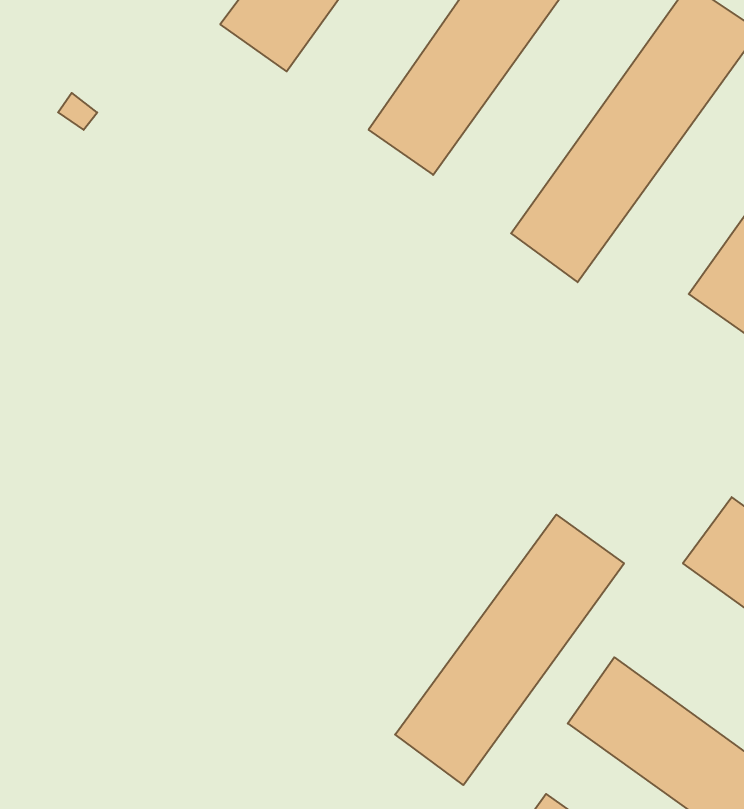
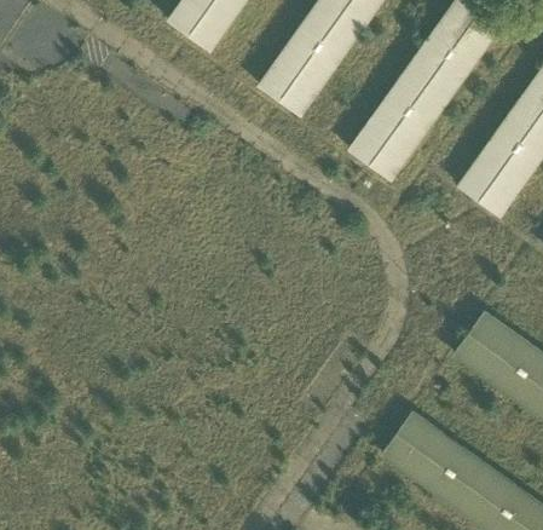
building: [395,515,624,785] -> none

